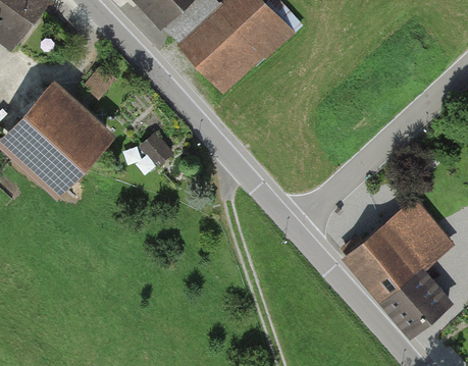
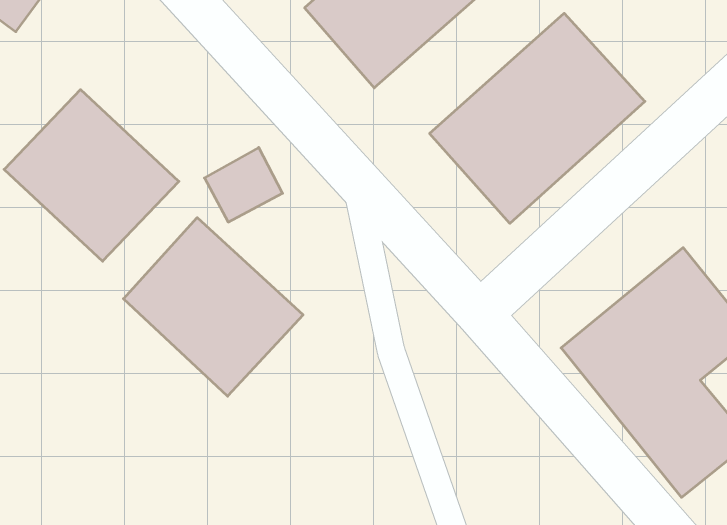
building: none -> [430,13,645,223]
building: none -> [123,218,303,396]

